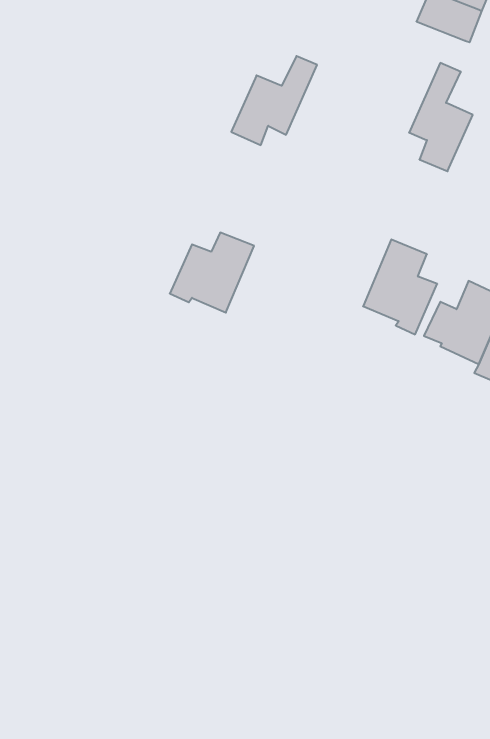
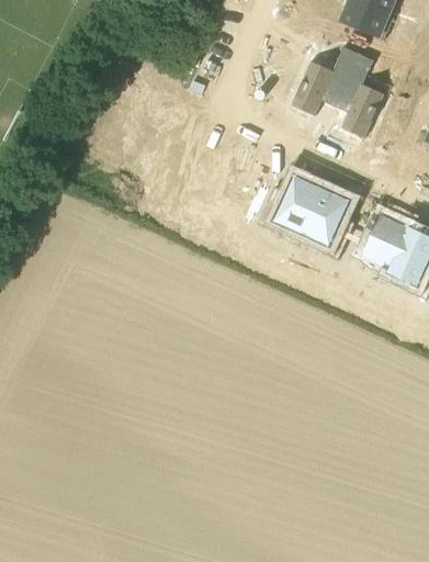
building: [231,56,317,145] -> [295,47,359,113]
building: [170,233,254,313] -> [260,175,323,234]

